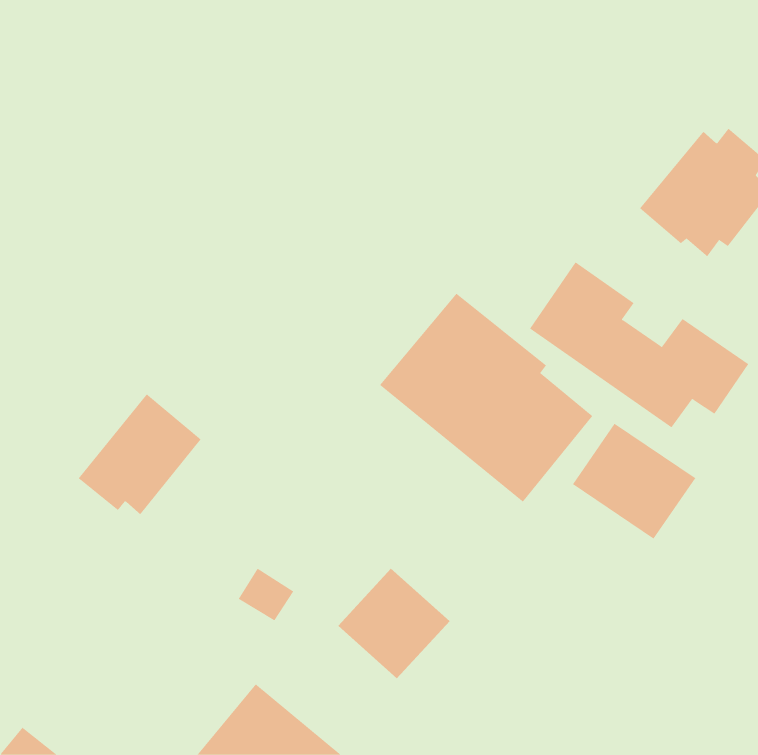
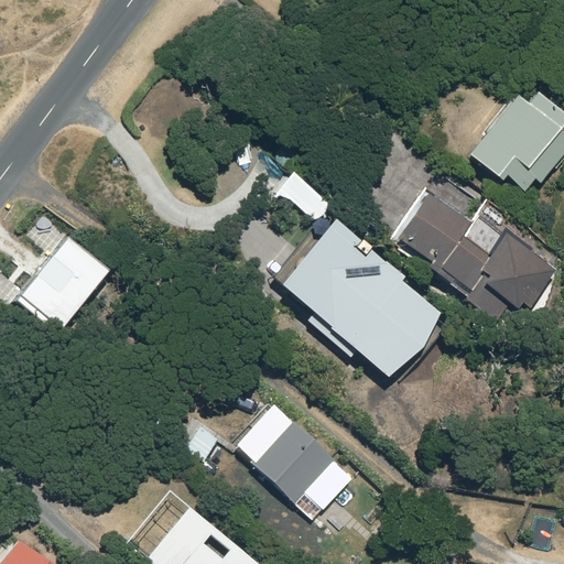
building: [78,393,201,515] -> [18,238,109,328]
building: [572,423,696,540] -> none

